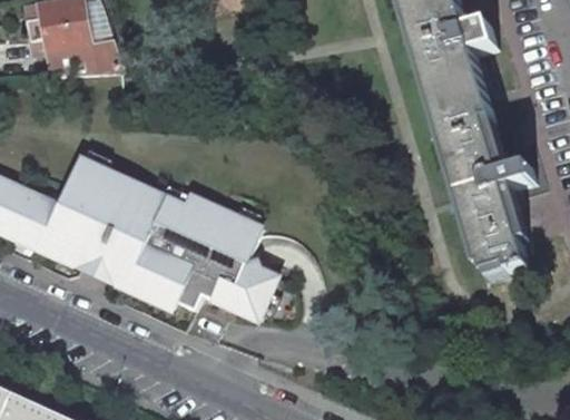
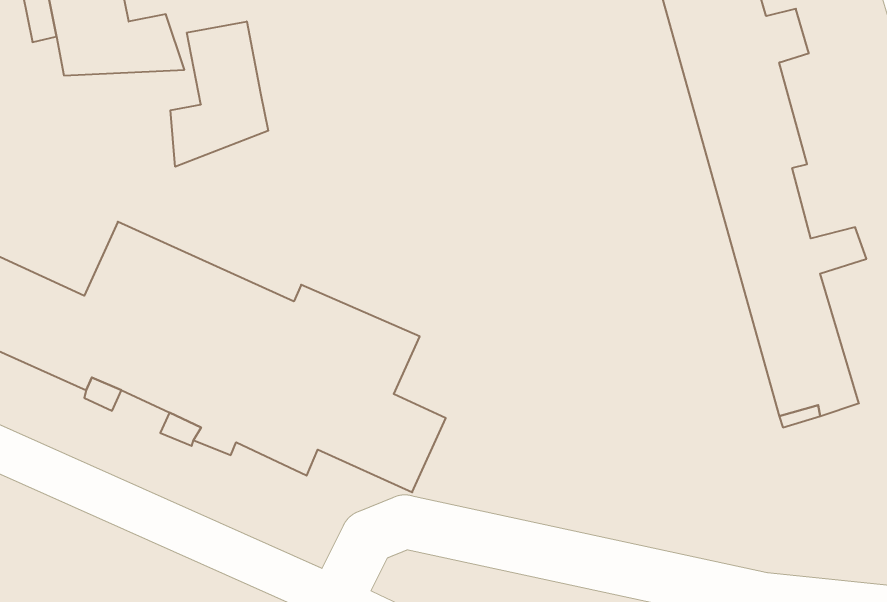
building: none -> [170,21,268,167]

